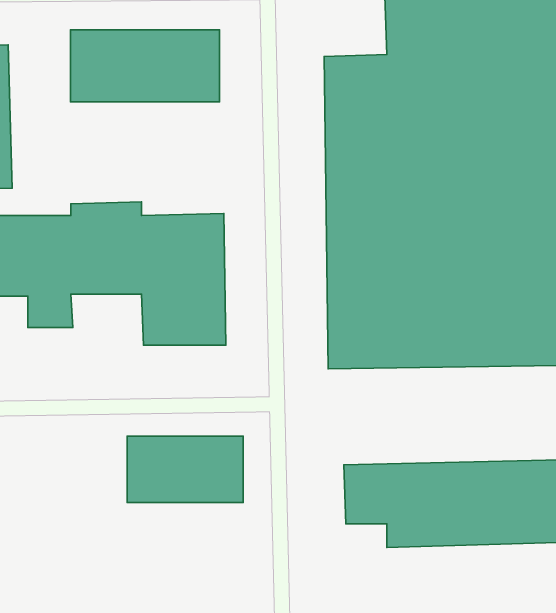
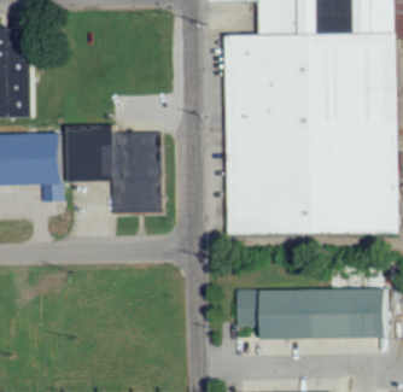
building: [70,30,220,102] -> none
building: [127,436,243,503] -> none

